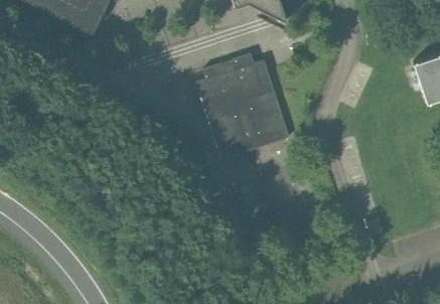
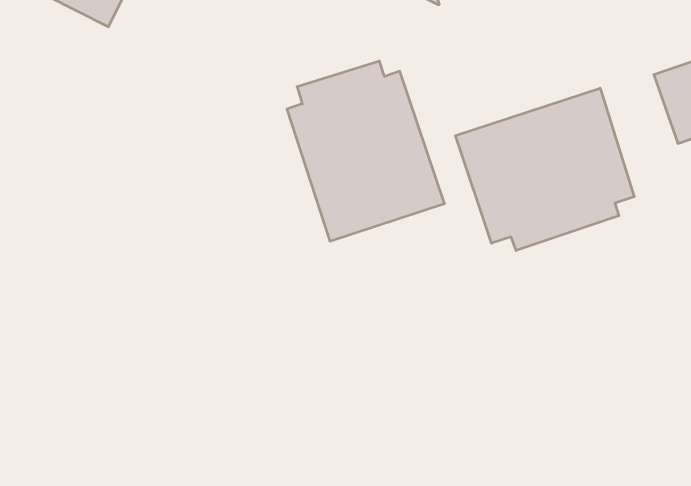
building: none -> [456,88,634,251]

